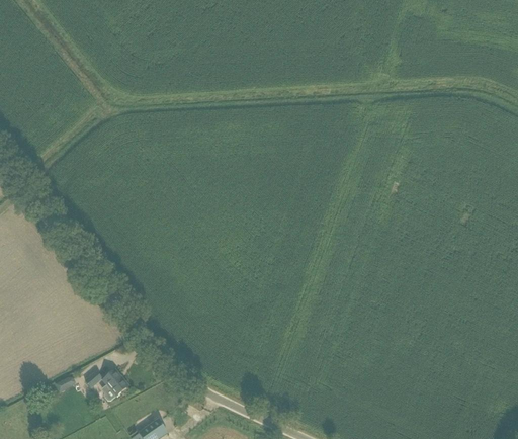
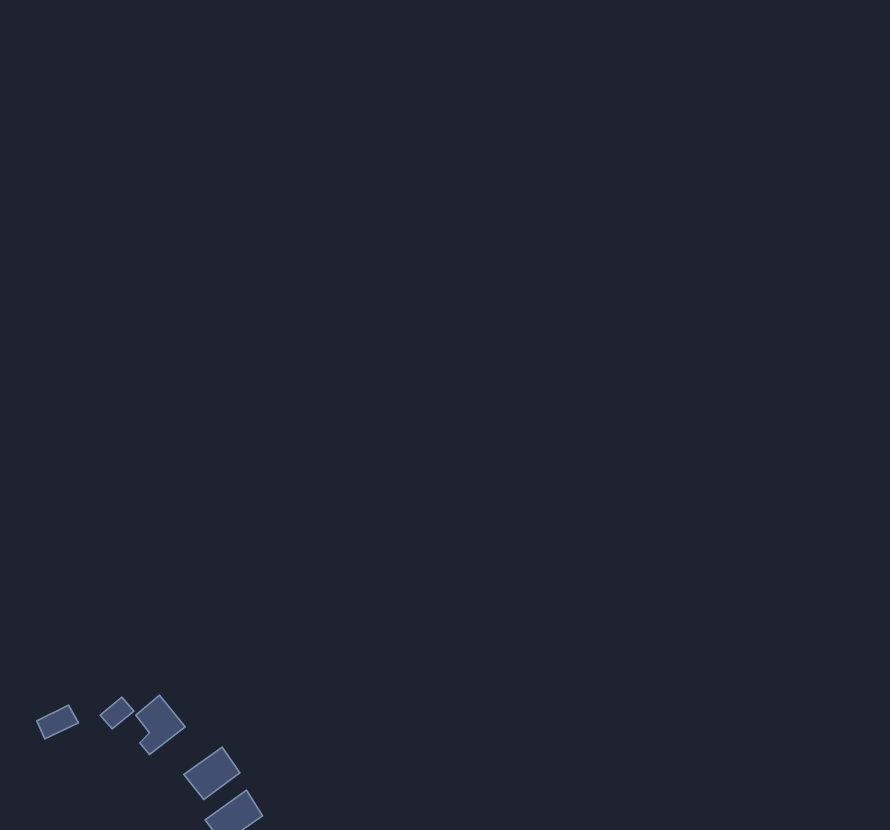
building: none -> [184,747,240,799]

